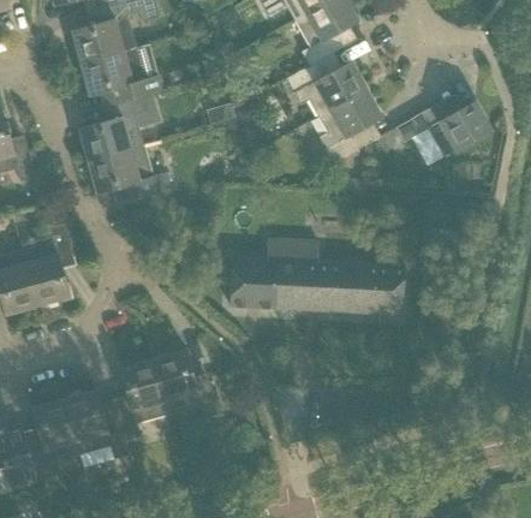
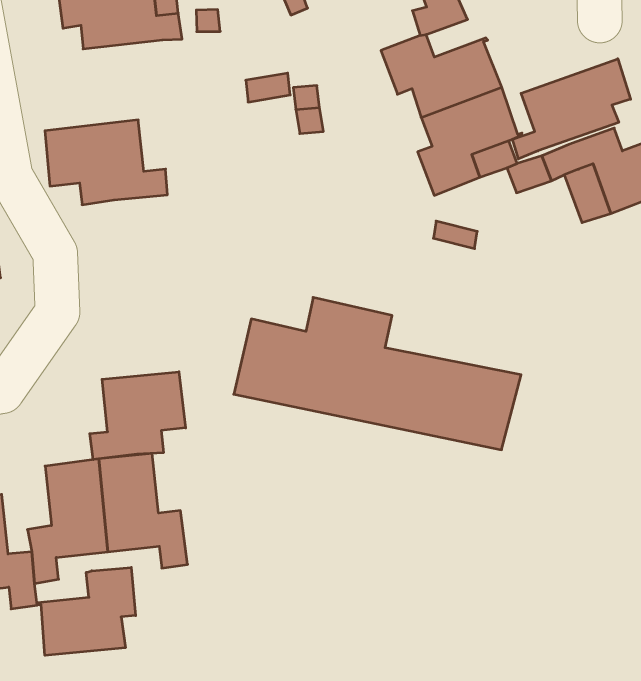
building: none -> [513,59,631,159]
building: [78,93,160,160] -> none
building: none -> [90,372,186,460]
building: none -> [37,567,136,655]

